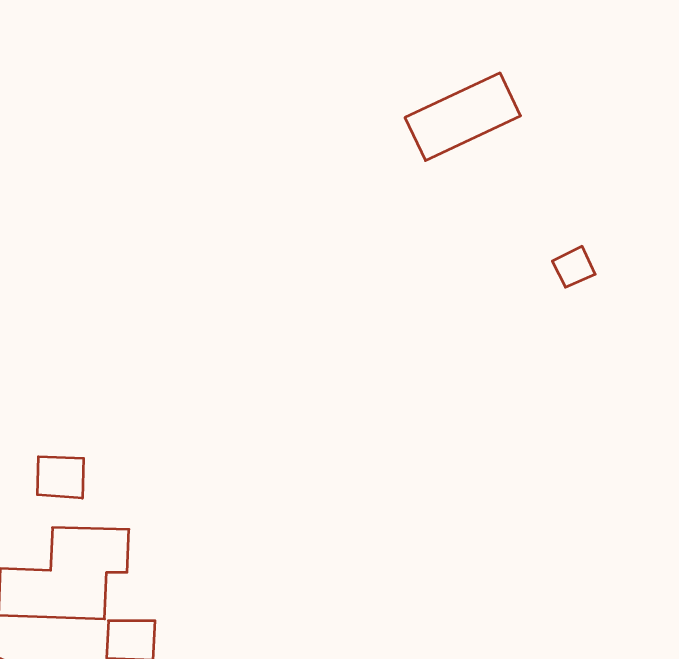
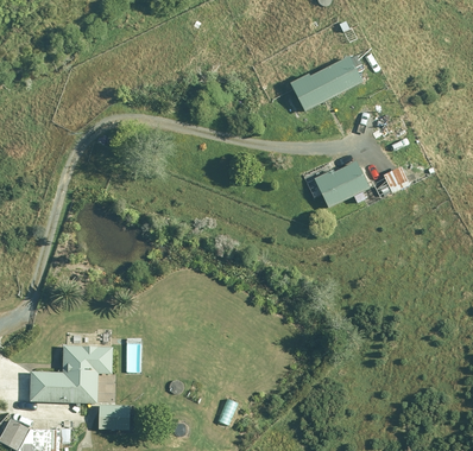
building: none -> [314,160,368,205]
building: [37,457,84,498] -> none

